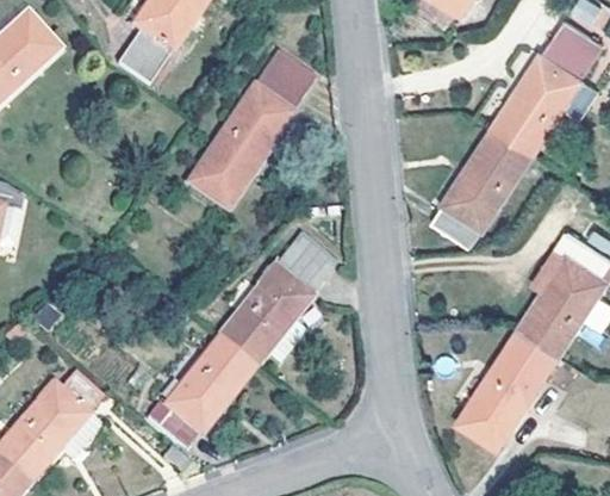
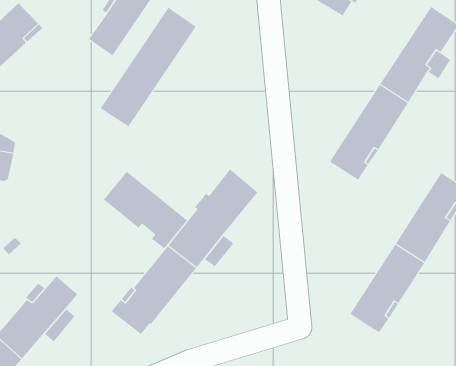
building: [191,49,317,206] -> [100,7,197,127]
building: none -> [103,171,188,249]

